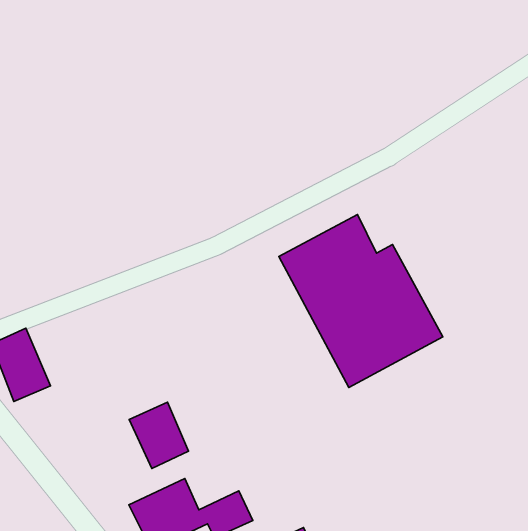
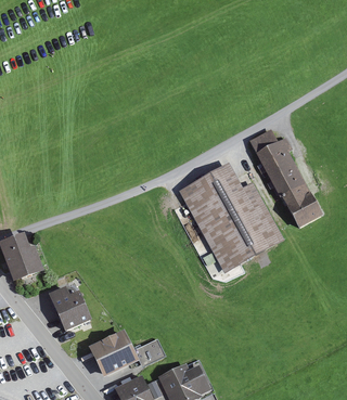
building: none -> [248,127,321,227]
building: [129,402,188,469] -> [50,285,87,326]

